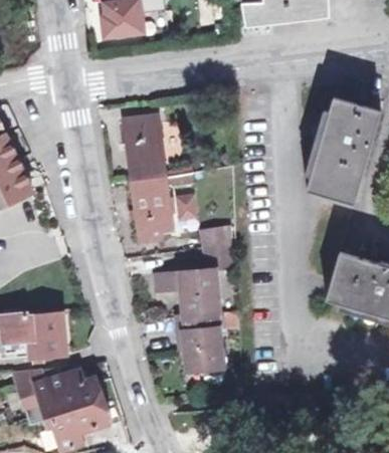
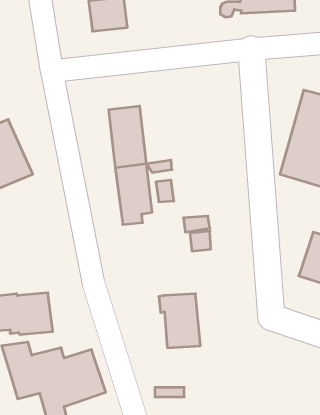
building: [156,272,220,316] -> none

